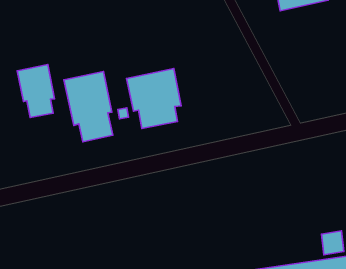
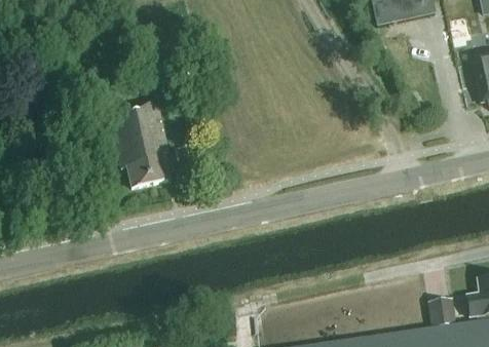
building: [17,65,55,118] -> none
building: [126,69,181,129] -> none

